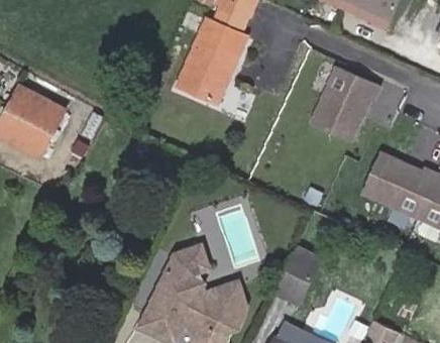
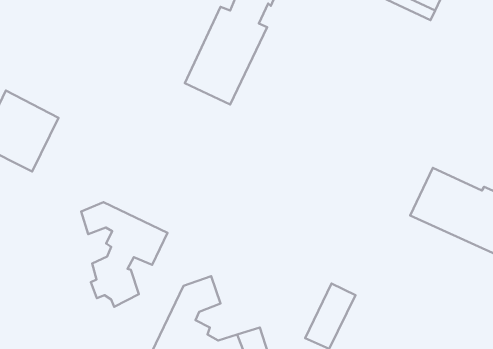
building: [311,66,383,143] -> none
building: none -> [81,202,167,307]

